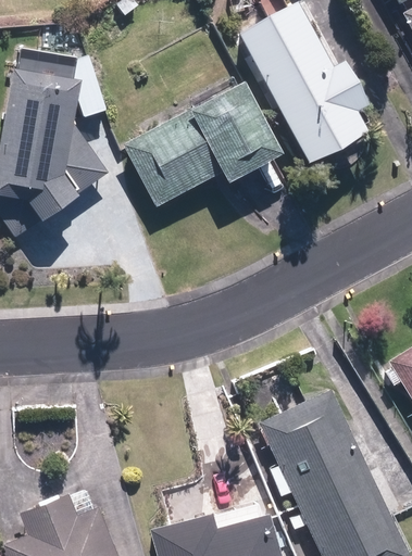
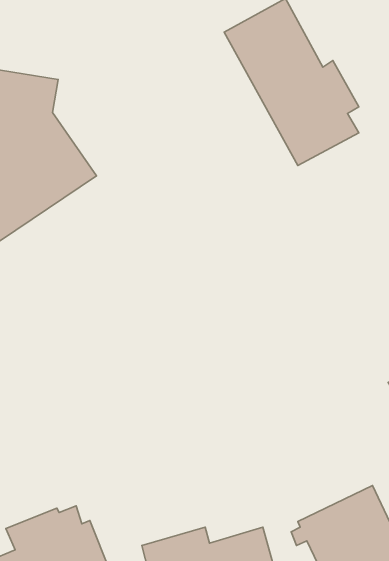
building: [121,84,277,208] -> none
building: [264,389,375,507] -> none

